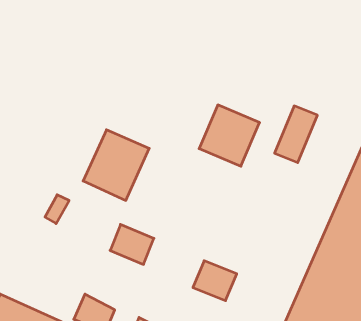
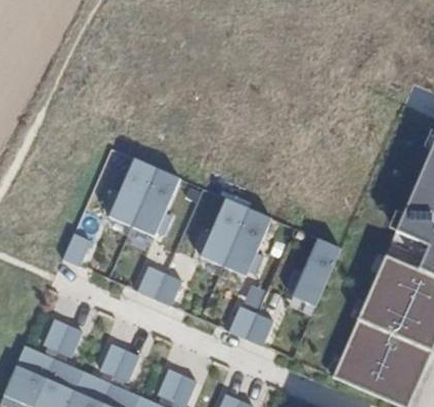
building: [199,105,260,166] -> [205,206,271,273]
building: [275,106,317,163] -> [298,243,345,306]
building: none -> [45,317,86,359]

